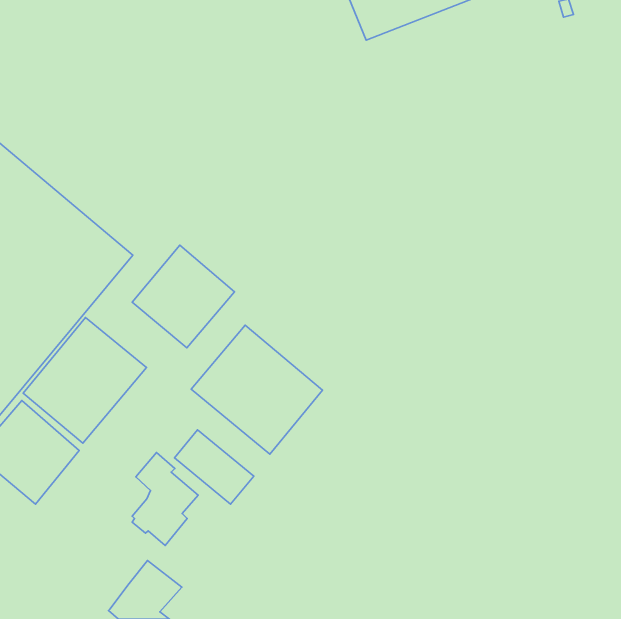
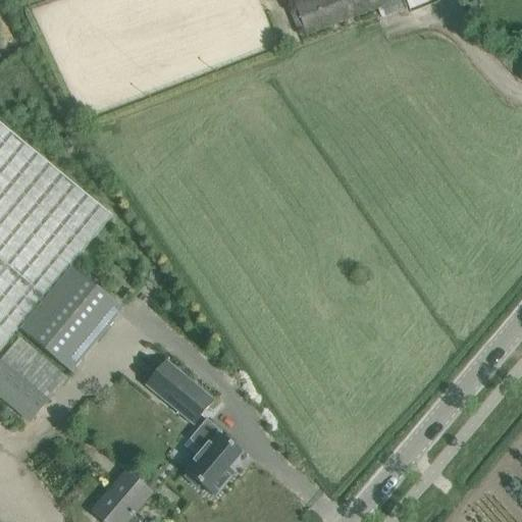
building: [132,245,235,348] -> none
building: [191,325,322,454] -> none
building: [132,453,198,545] -> [186,416,241,493]

